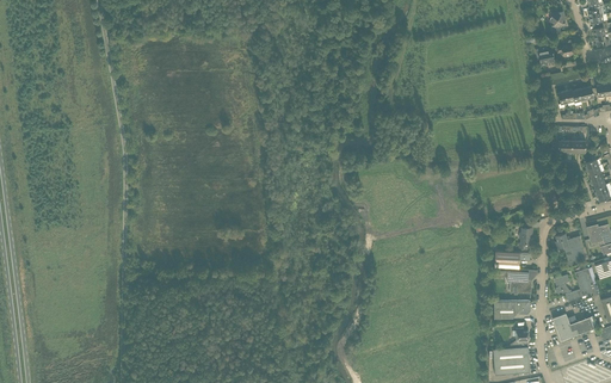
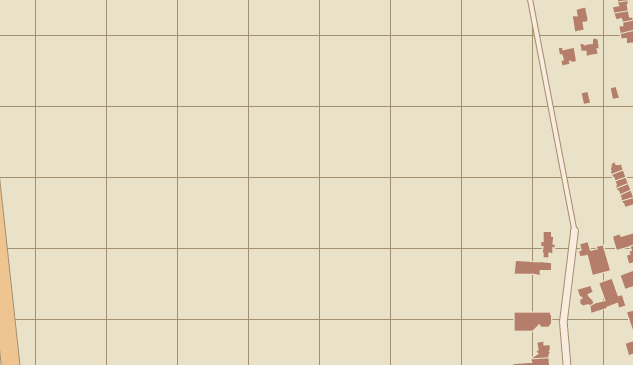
building: [494,270,532,292] -> none
building: [553,311,594,339] -> none

